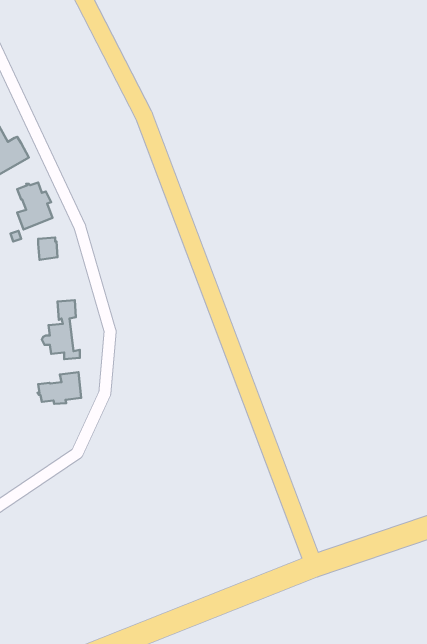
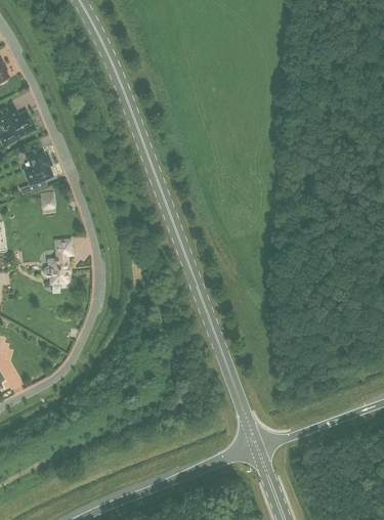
building: [38,372,81,404] -> none

